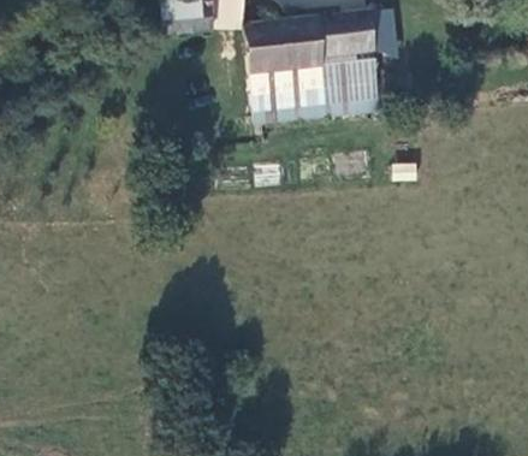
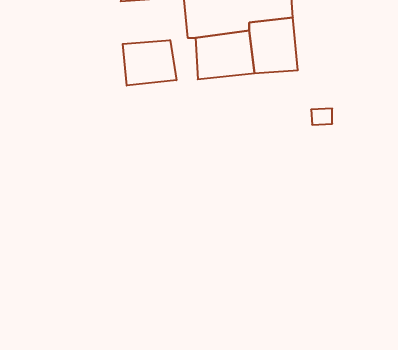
building: none -> [123,40,176,86]

